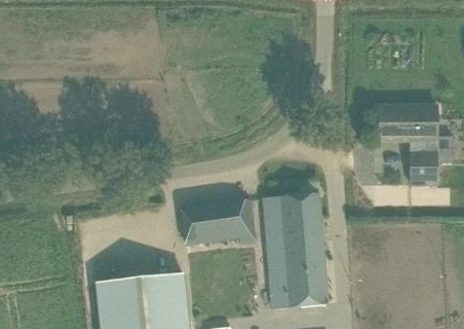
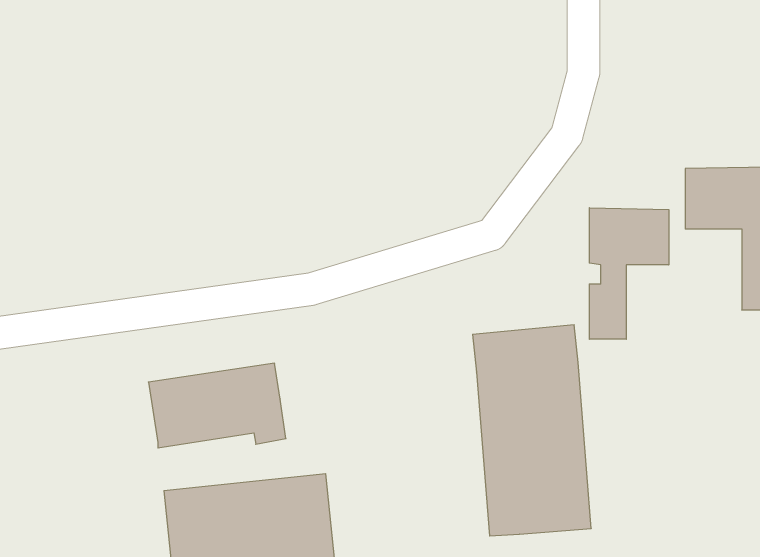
building: none -> [589,208,669,339]
building: [182,199,257,246] -> [148,363,286,448]

